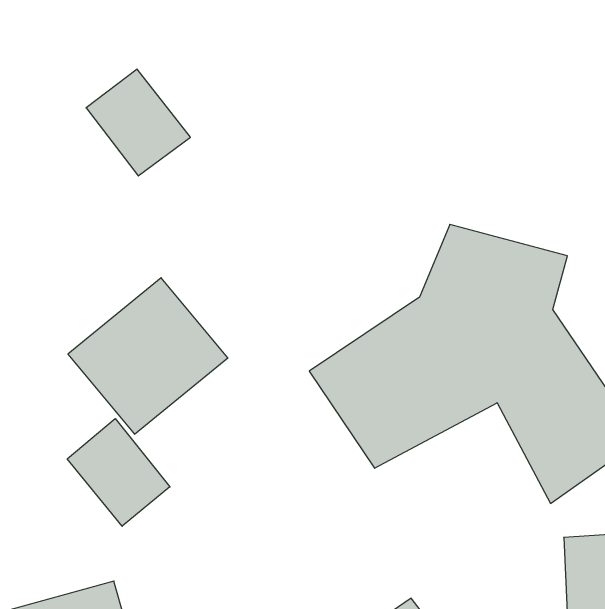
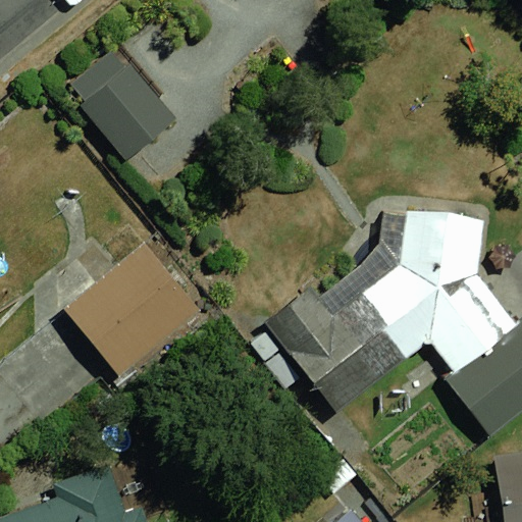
building: [67,419,170,526] -> none

